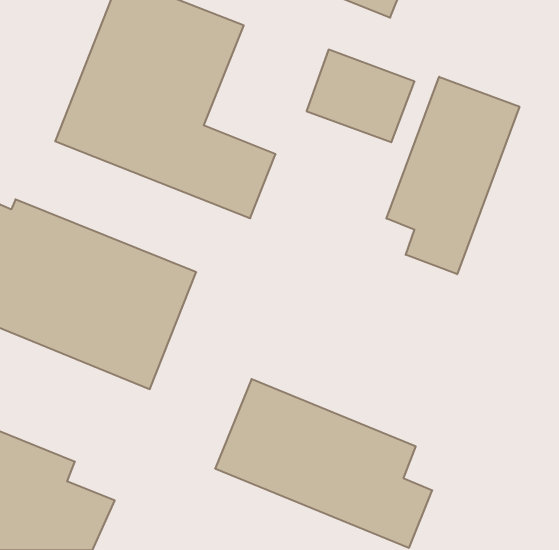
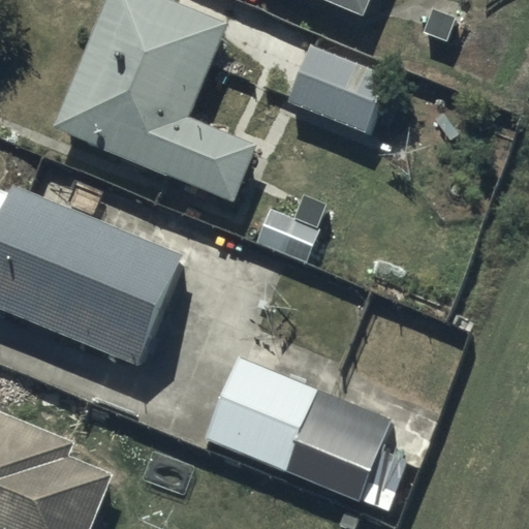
building: [386,77,519,274] -> none

